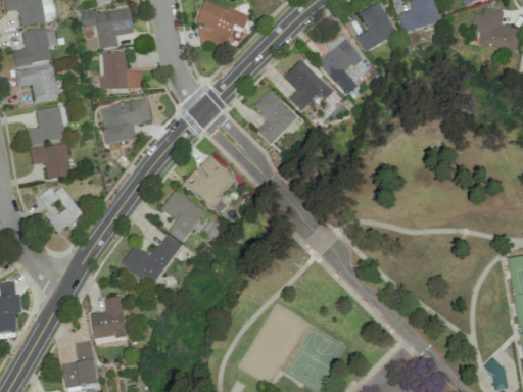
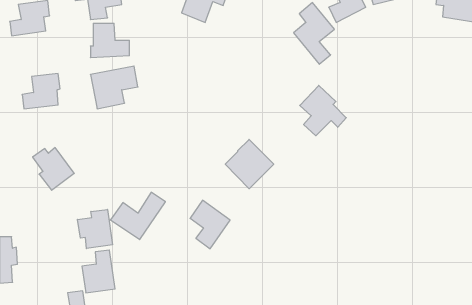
building: [283,56,333,110] -> [300,85,346,136]
building: [14,64,57,102] -> none
building: [252,89,296,144] -> none
building: [30,143,69,178] -> none
building: [184,154,236,207] -> [225,139,274,189]
building: [160,190,203,242] -> [190,200,230,249]
building: none -> [77,209,112,249]

